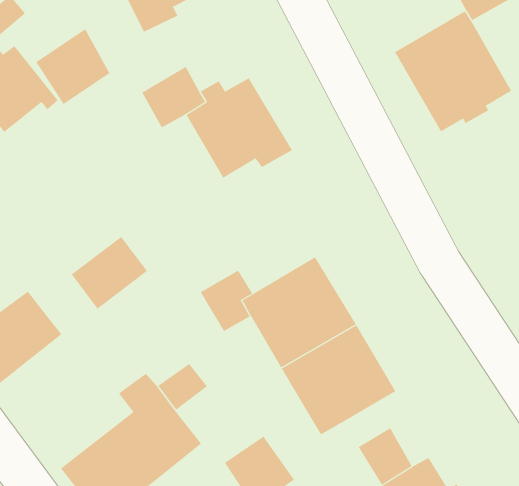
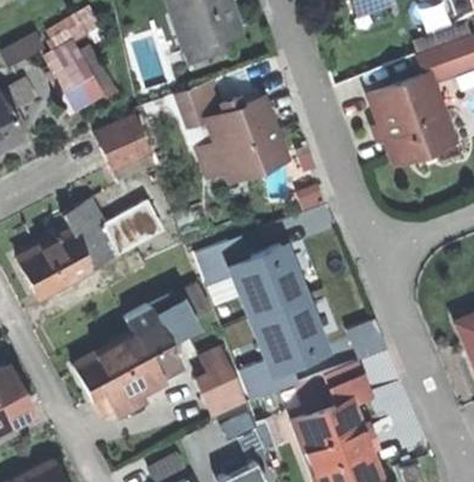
building: [36,29,110,105] -> [97,118,151,171]
building: none -> [64,200,121,269]
building: none -> [325,362,372,406]
building: none -> [242,361,294,399]

